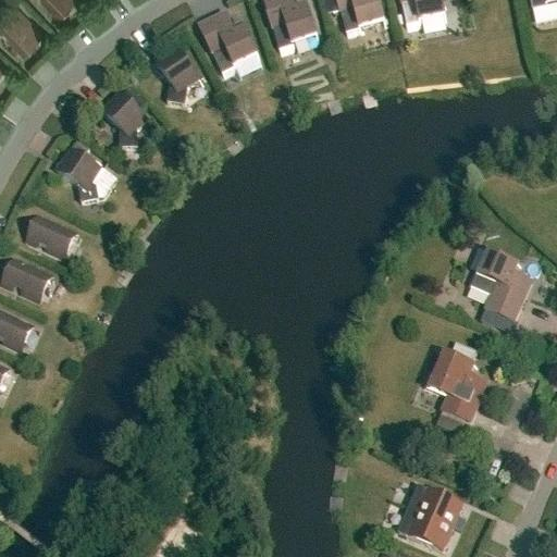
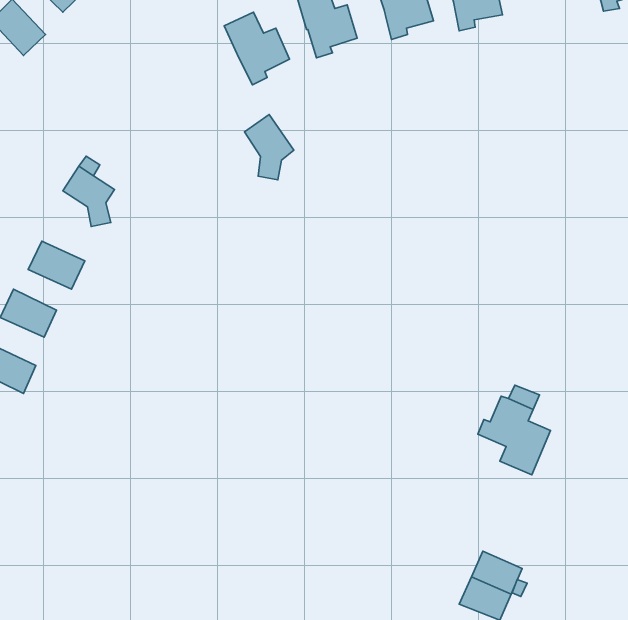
building: [154,46,198,103] -> [244,115,294,180]
building: [100,90,146,146] -> none
building: [466,249,530,319] -> none

